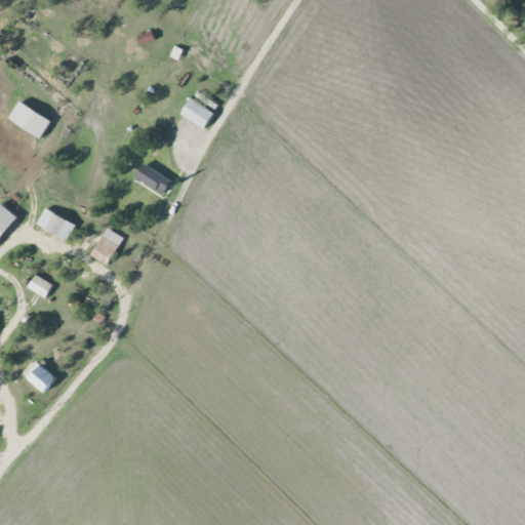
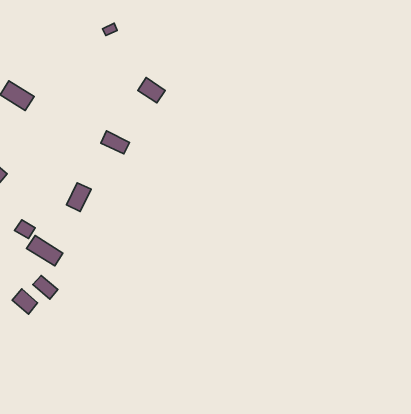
building: [36,209,75,240] -> none
building: none -> [27,235,63,266]
building: none -> [33,276,58,299]

